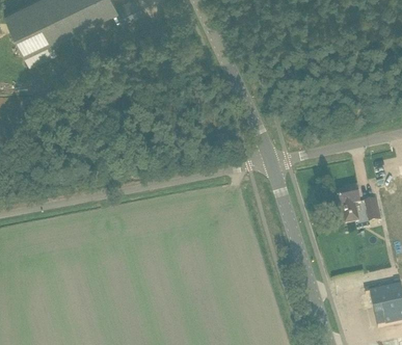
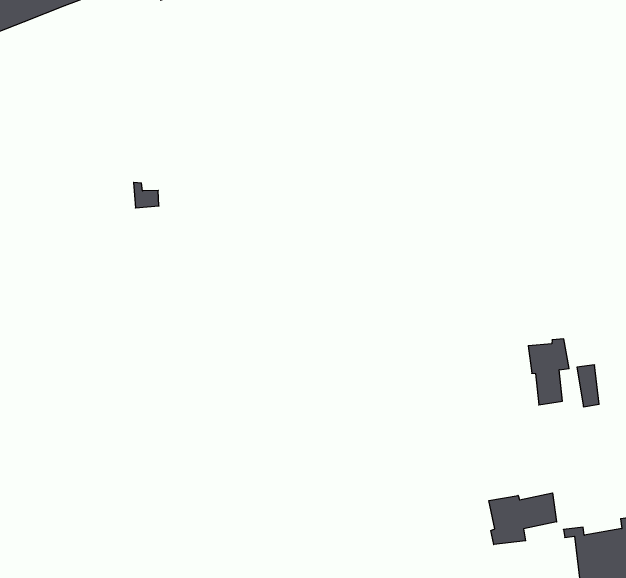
building: none -> [489,493,557,545]

